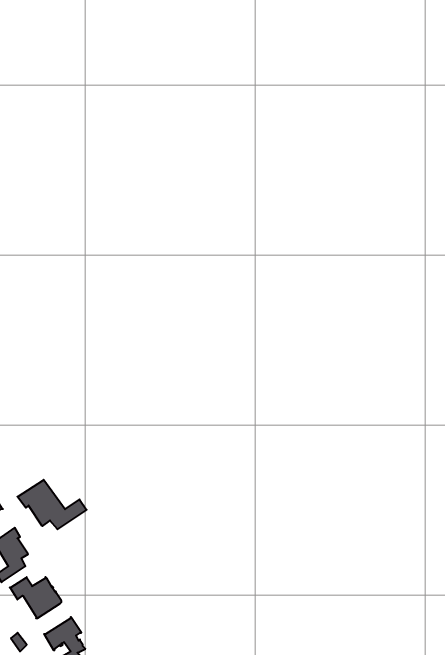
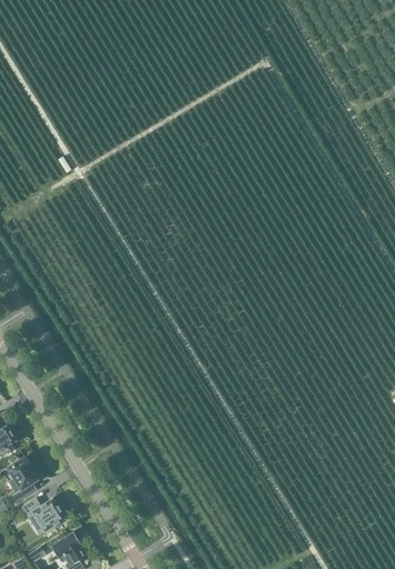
building: [17,480,87,529] -> none

